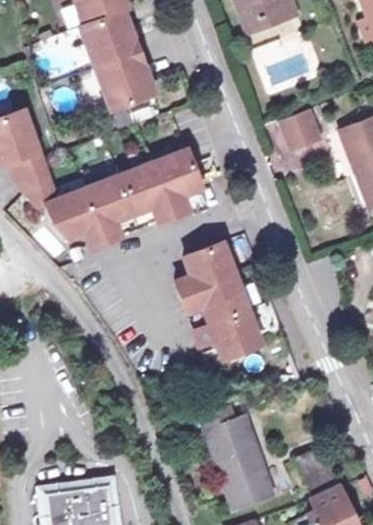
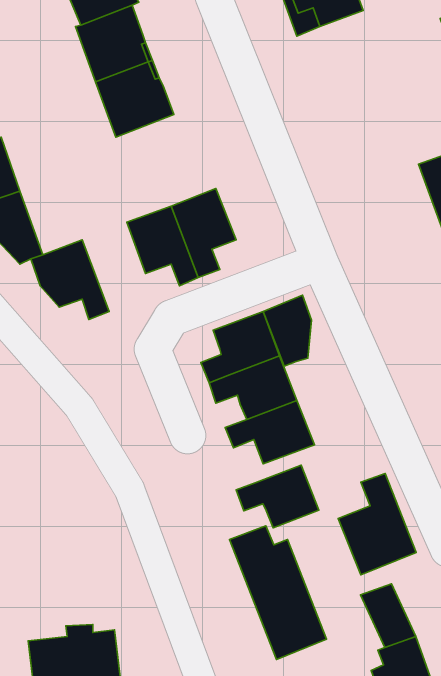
building: [283,109,322,150] -> none
building: [86,173,134,241] -> none
building: none -> [263,295,312,366]
building: none -> [236,465,319,528]
building: none -> [338,474,416,575]

